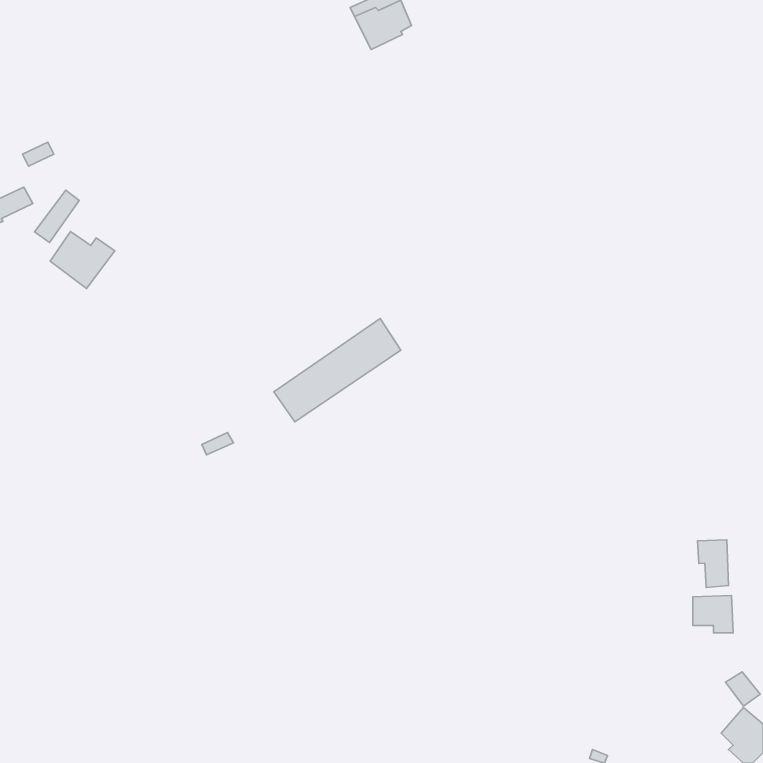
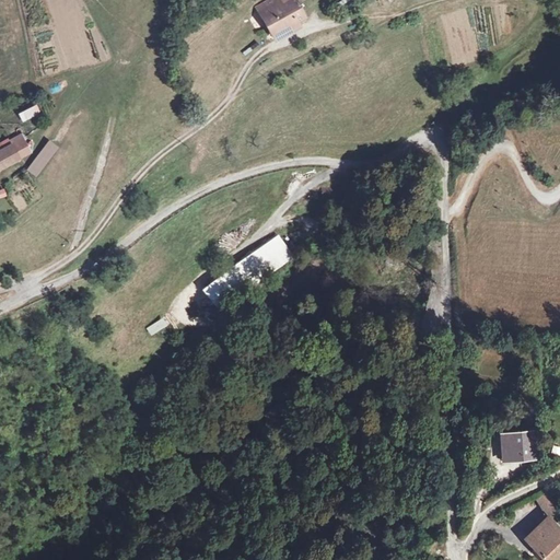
building: [50,232,115,288] -> none
building: [697,540,728,588] -> none

